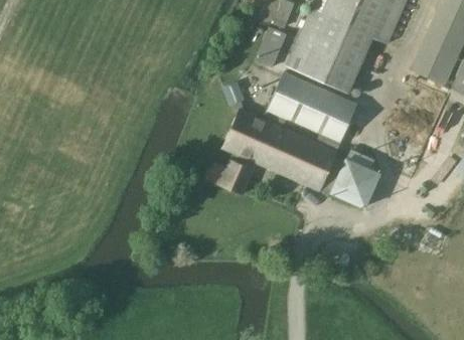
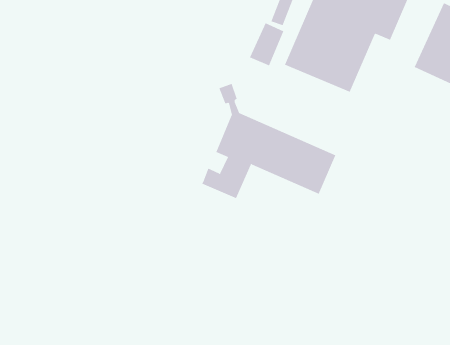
building: [263,71,357,152] -> none
building: [330,157,381,208] -> none

